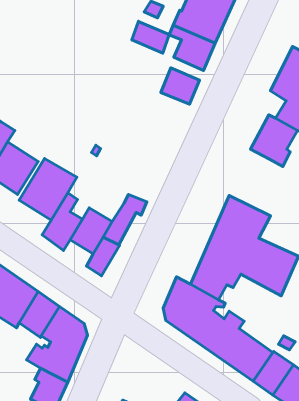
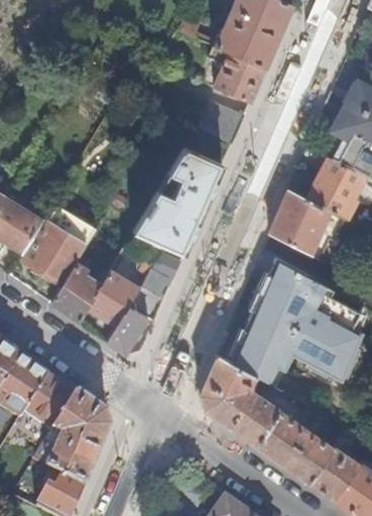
building: [132,21,169,53] -> none
building: none -> [133,147,223,254]
building: none -> [270,188,331,255]

